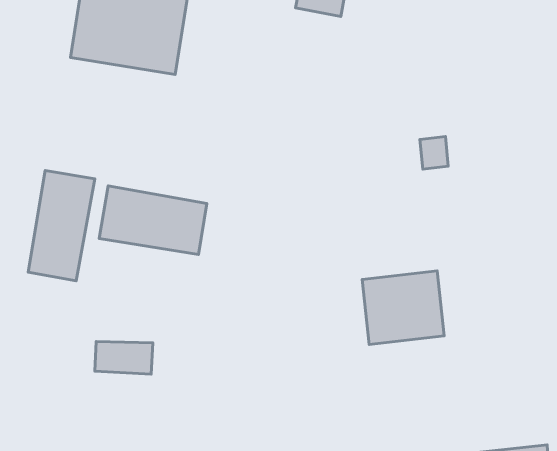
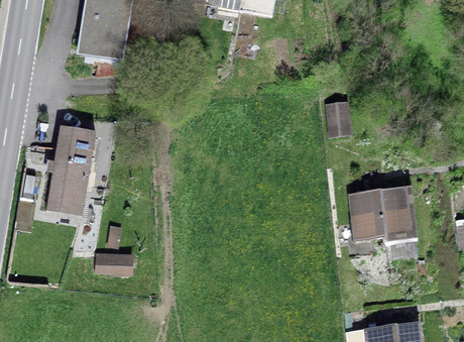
building: [99,186,207,255] -> none
building: [362,271,444,344] -> [349,189,408,241]

